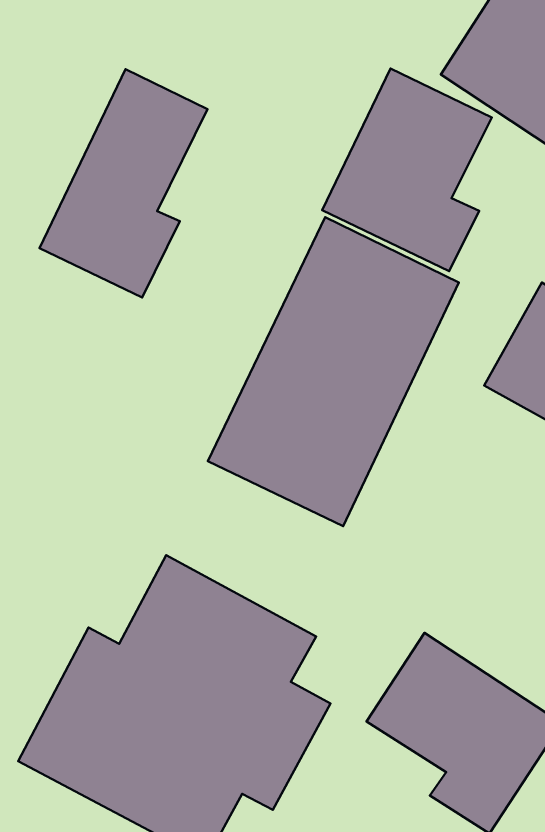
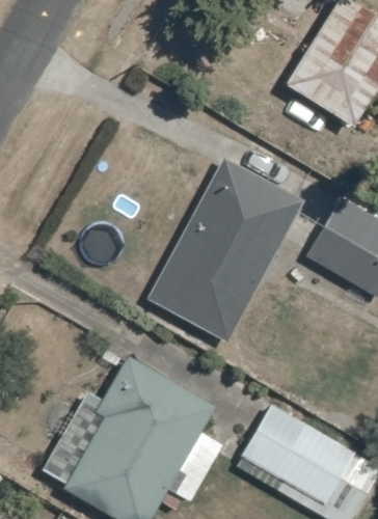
building: [322,68,492,271] -> none
building: [39,69,208,298] -> none

